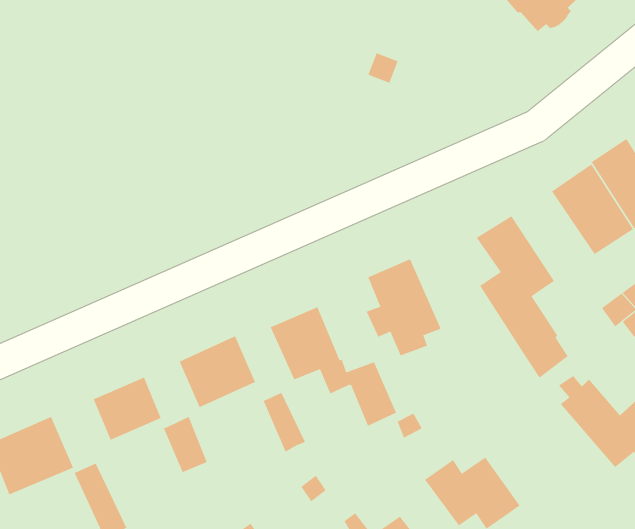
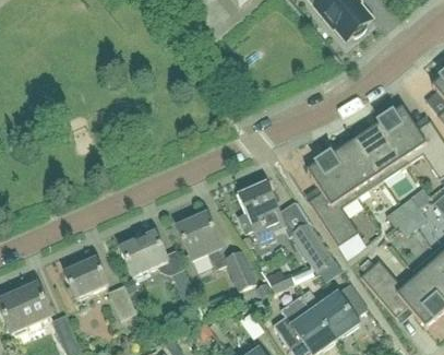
building: none -> [329,139,382,196]
building: none -> [290,218,335,271]
building: none -> [301,282,367,339]

